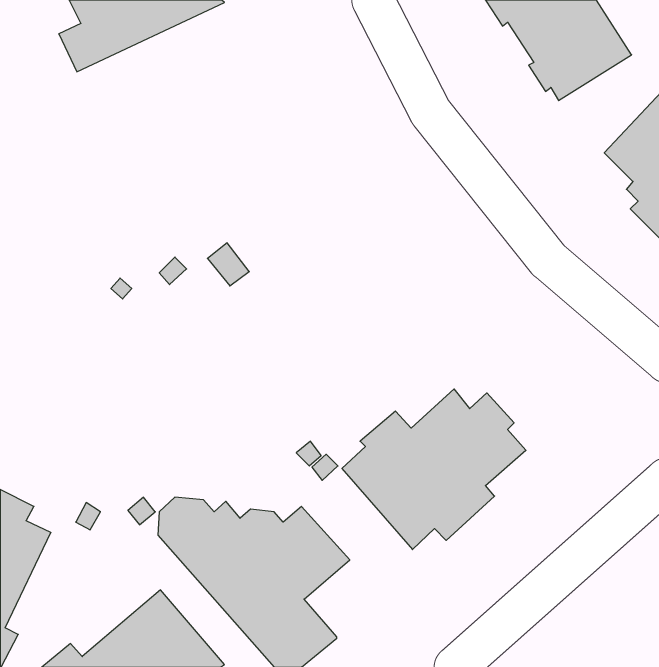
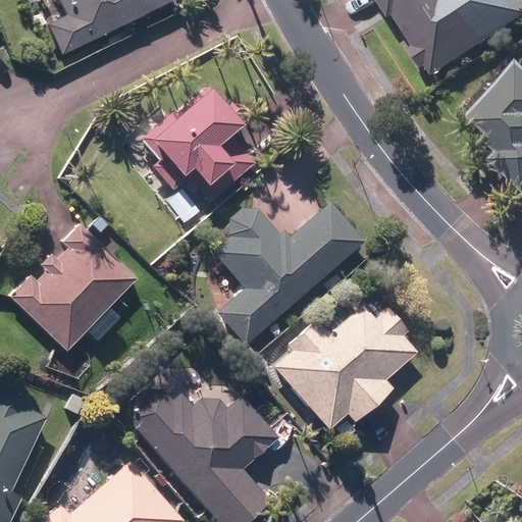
building: none -> [143,85,255,201]
building: none -> [214,201,364,344]
building: none -> [10,224,137,352]

